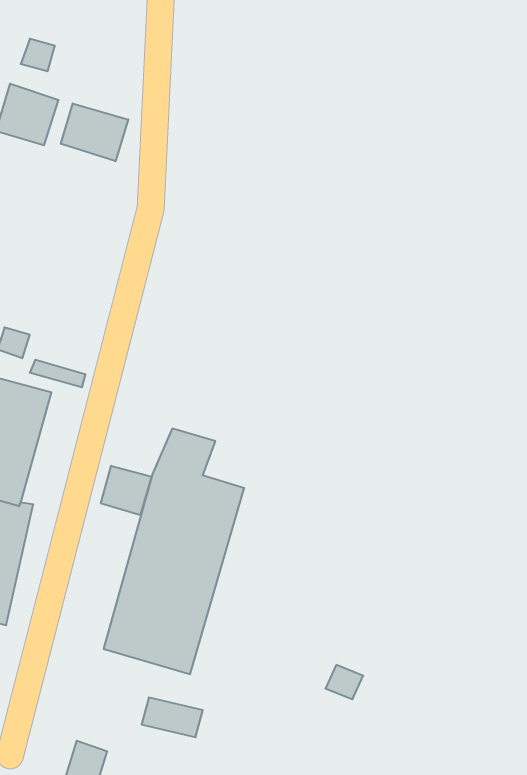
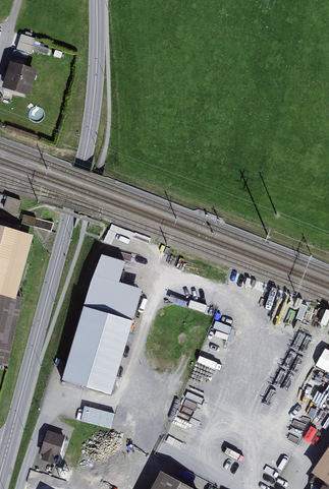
building: [61,103,128,161] -> none
building: [101,466,152,515] -> none

